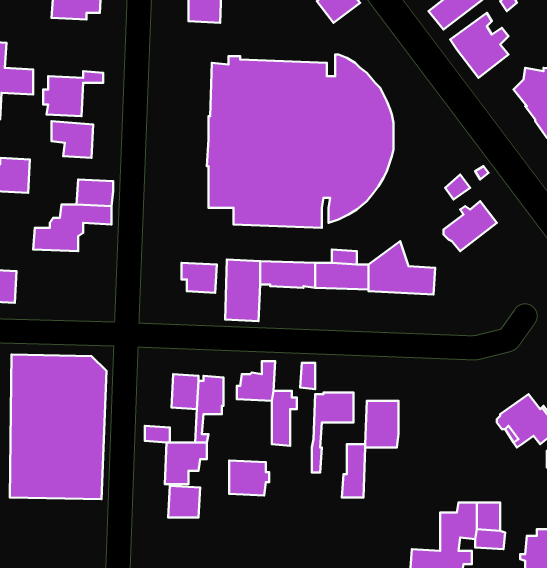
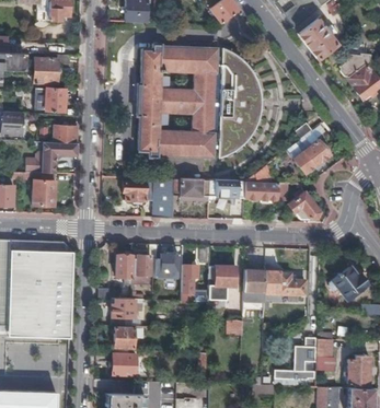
building: none -> [19,172,56,206]
building: none -> [289,191,321,220]
building: none -> [265,266,306,301]
building: [229,461,269,496] -> [113,353,139,376]

